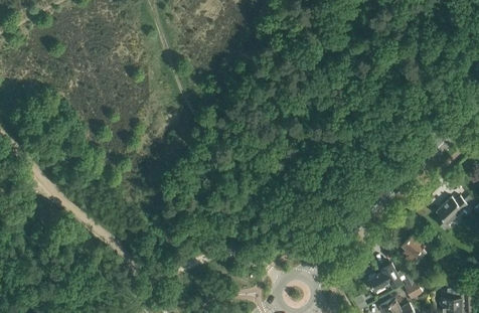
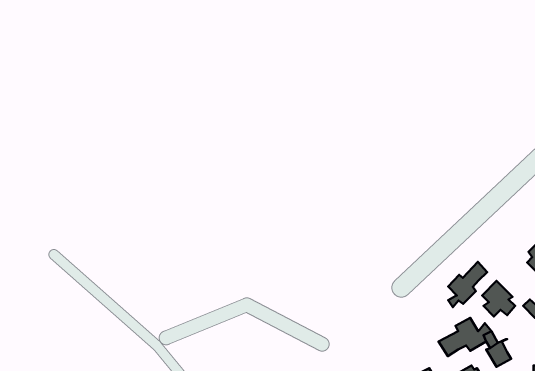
building: none -> [448,262,487,307]

